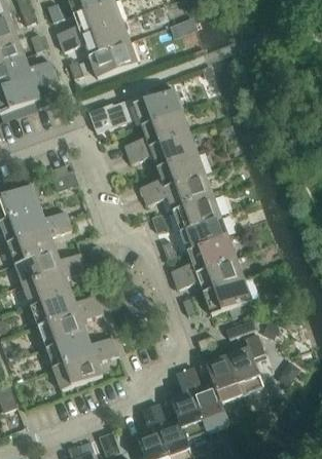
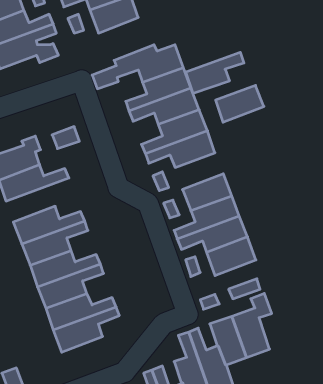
building: none -> [186,52,244,94]
building: [173,195,220,231] -> [216,85,264,122]
building: [7,220,72,263] -> none

